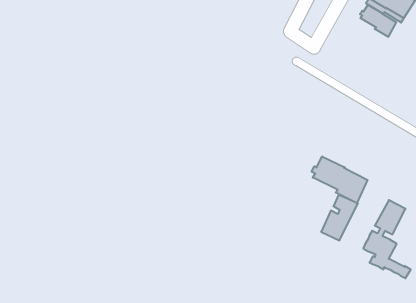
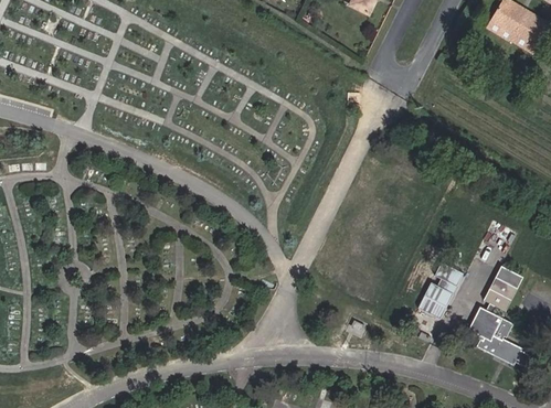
building: [360,5,396,37] -> none
building: [312,156,368,203] -> none

